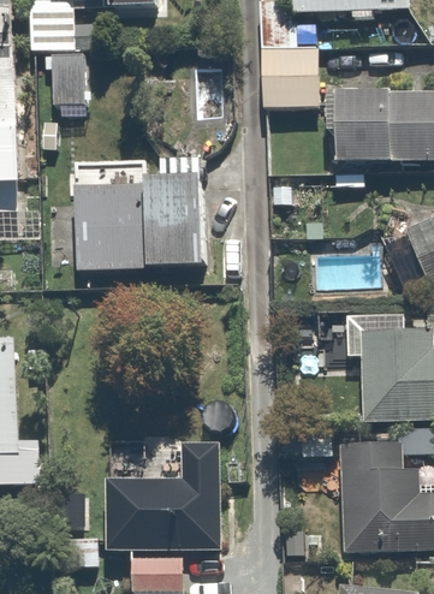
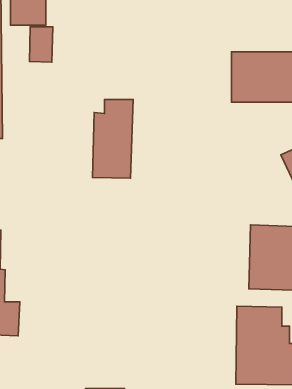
building: [262,46,322,107] -> none
building: [73,177,136,271] -> none
building: [102,444,222,552] -> none

